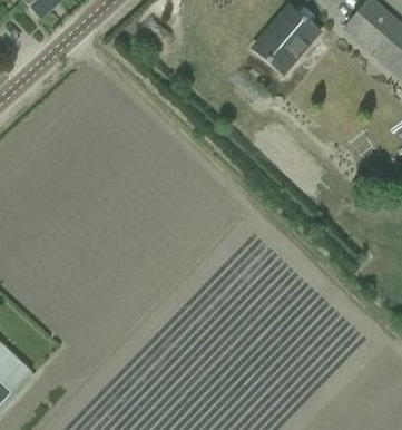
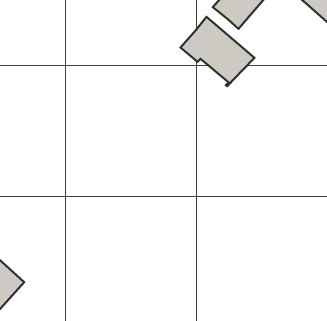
building: none -> [181,17,254,86]

